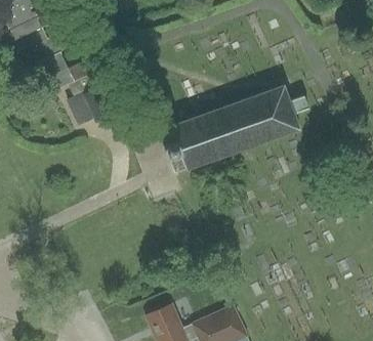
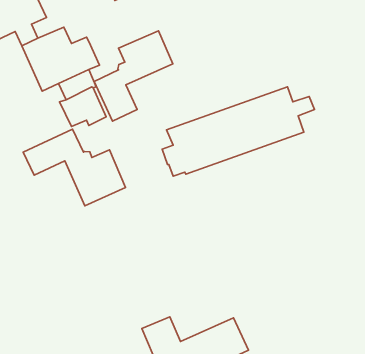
building: none -> [94,31,173,121]
building: none -> [23,129,126,206]

